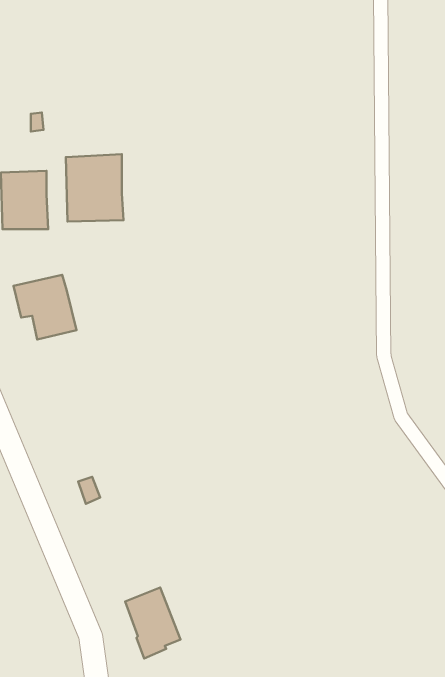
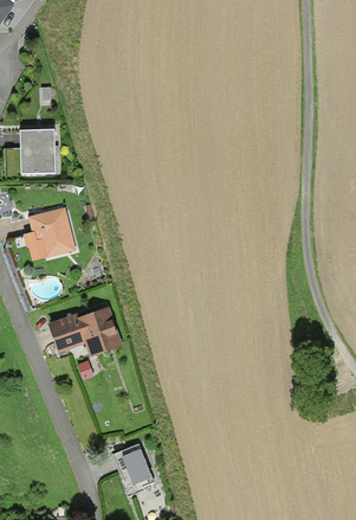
building: [66,154,123,221] -> none
building: none -> [48,308,122,357]

